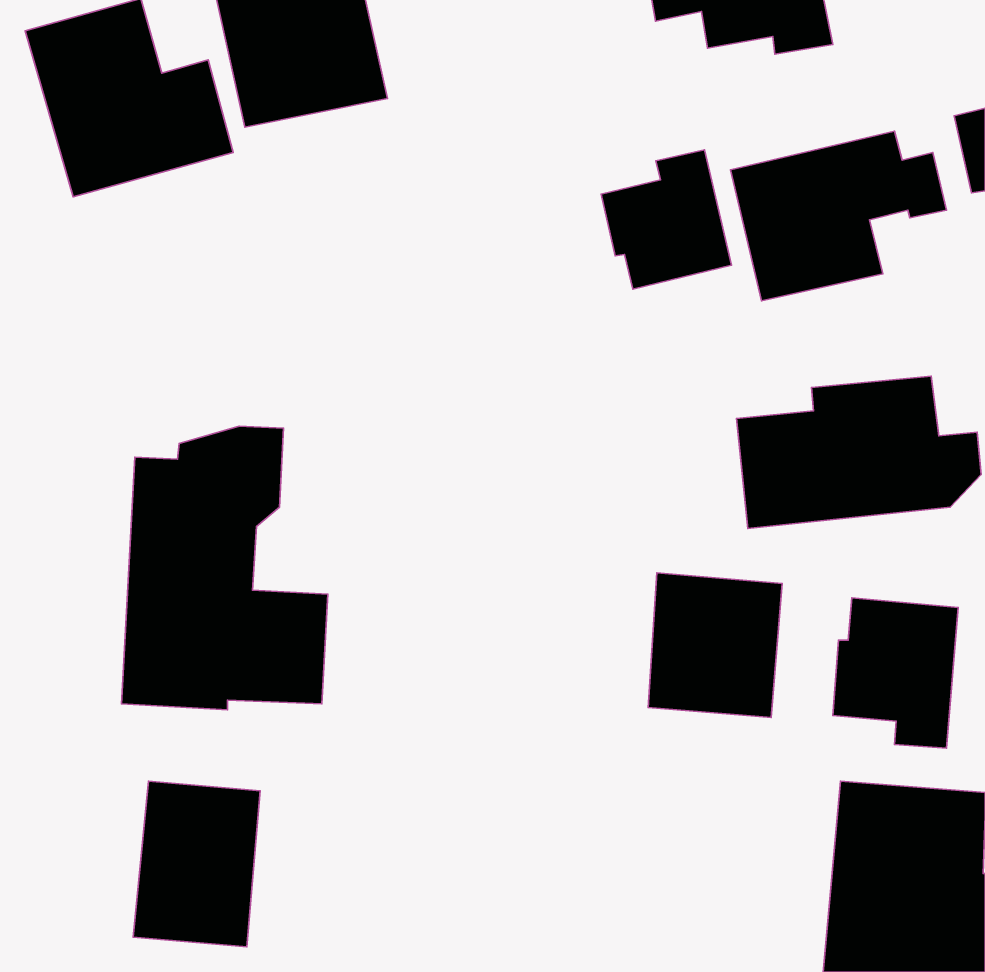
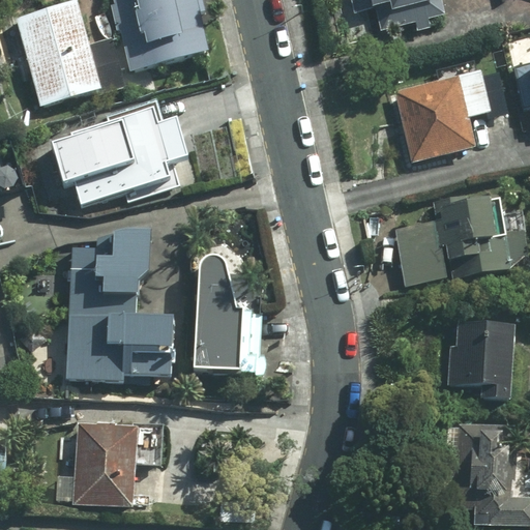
building: [601,150,732,289] -> none
building: none -> [42,98,198,212]
building: none -> [205,259,258,375]
building: [648,573,782,718] -> none

